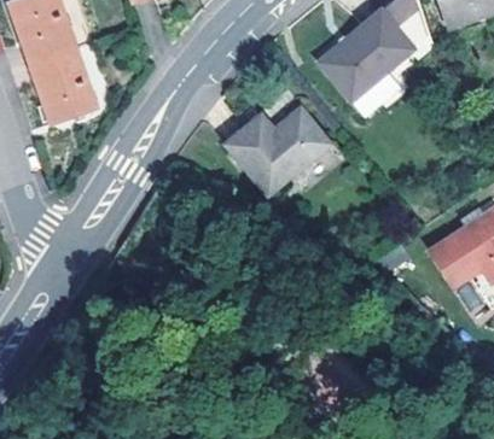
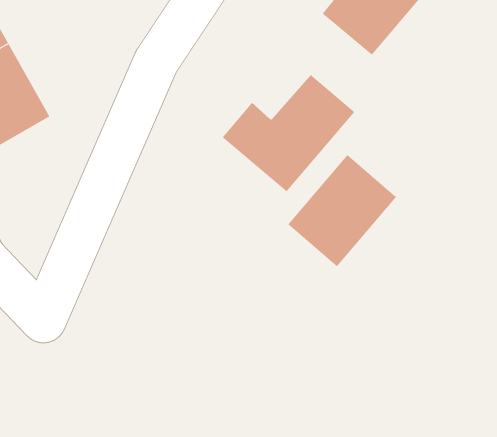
building: none -> [288,154,397,267]

